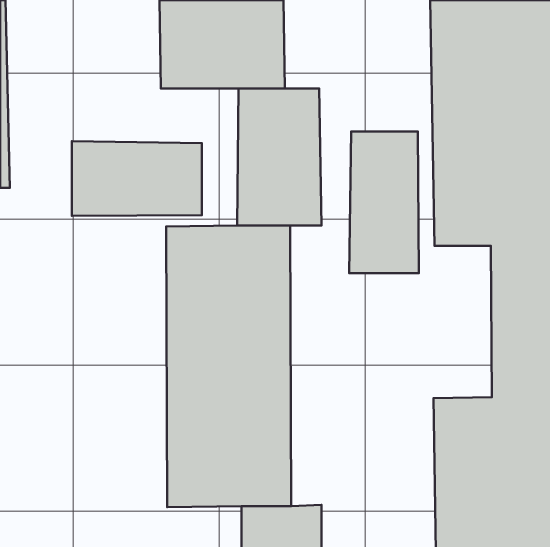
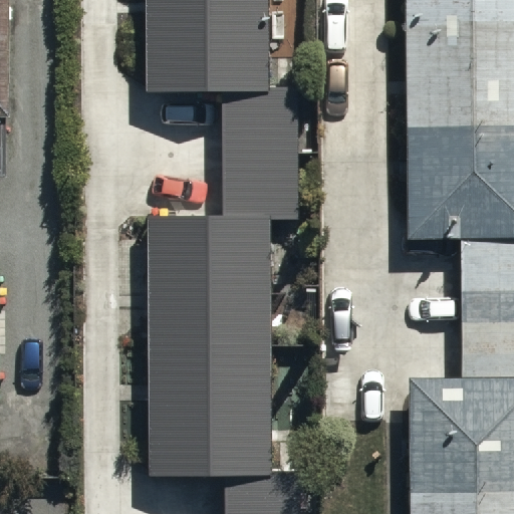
building: [349,131,419,273] -> none
building: [72,141,202,216] -> none

